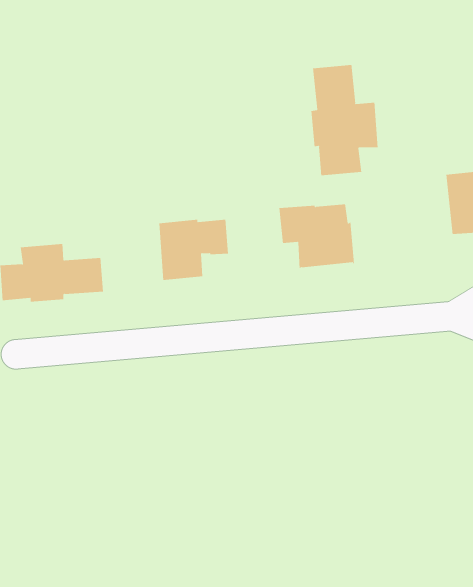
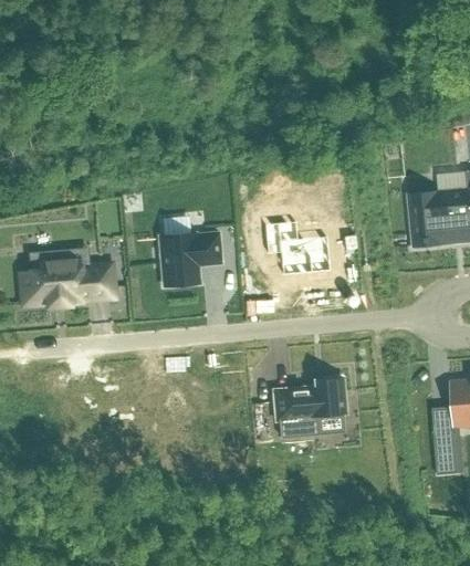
building: [311,64,378,176] -> none
building: none -> [273,376,344,437]

